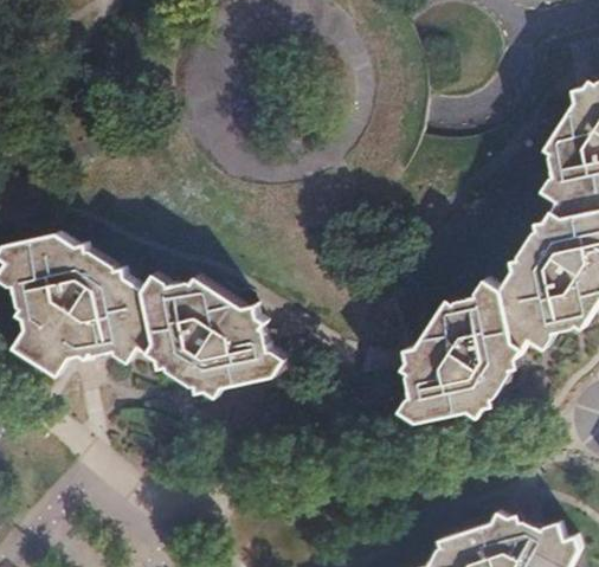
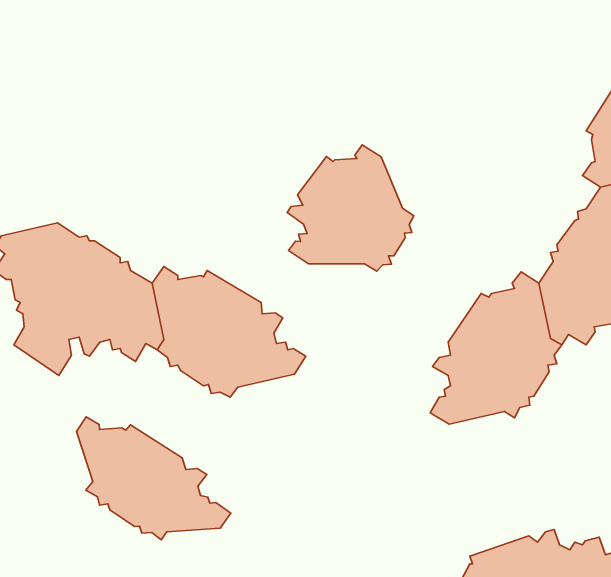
building: none -> [287,145,414,271]
building: none -> [76,417,231,540]

